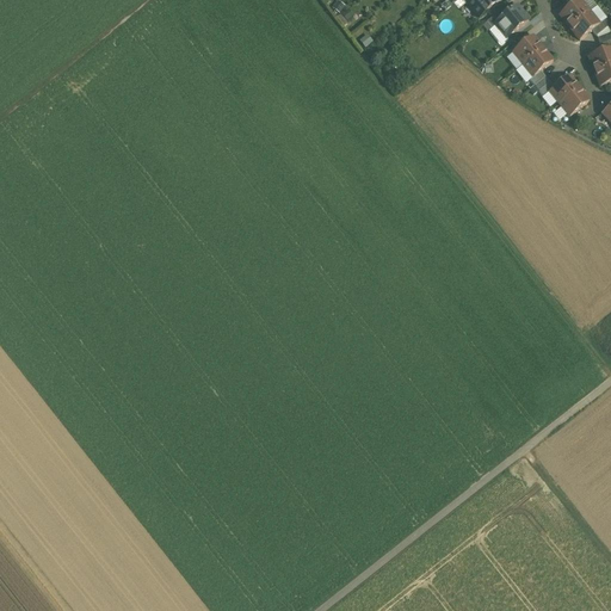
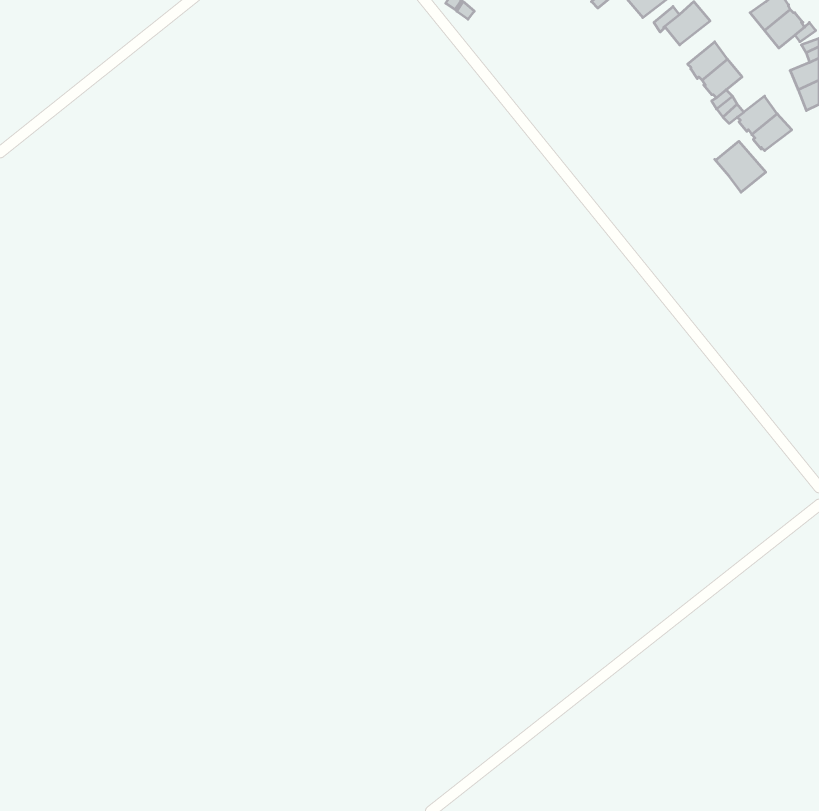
building: none -> [715,141,766,192]

